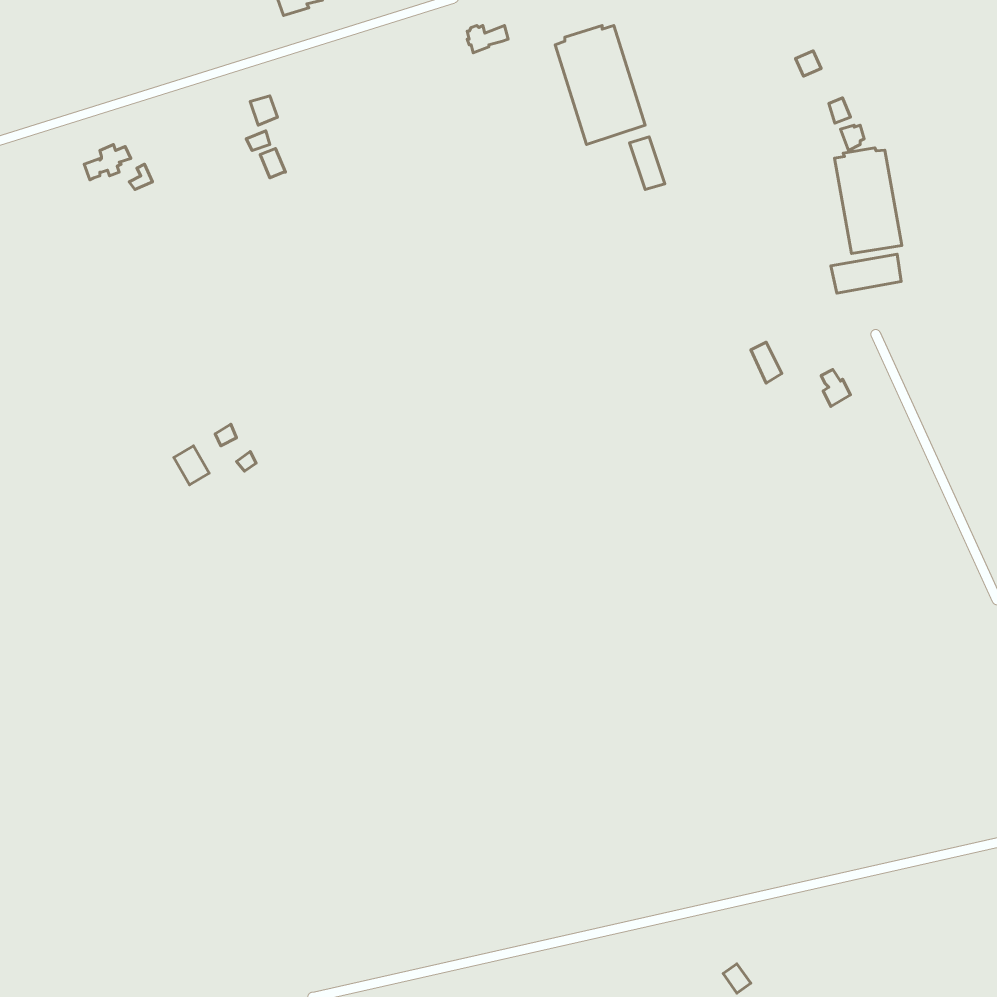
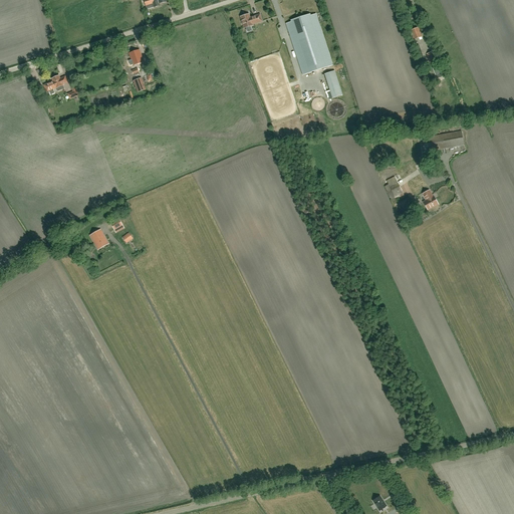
building: [835,148,902,253] -> none

